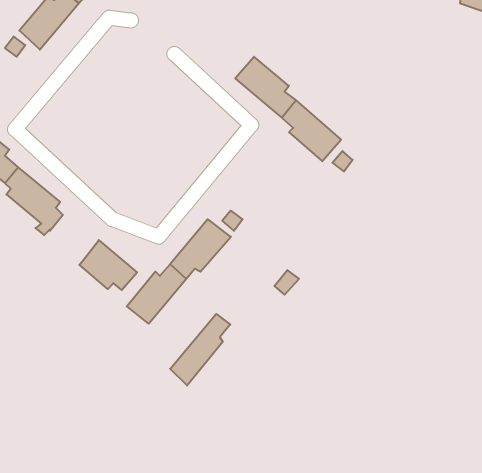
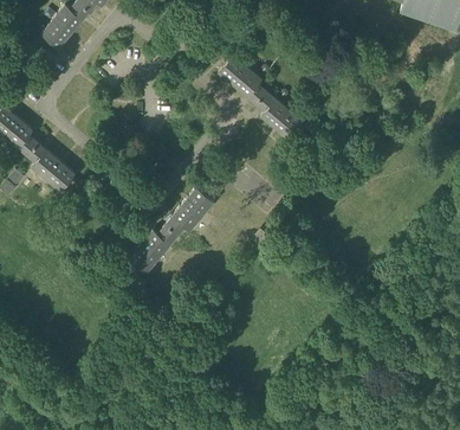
building: [79,240,137,290] -> none
building: [170,314,230,386] -> none

